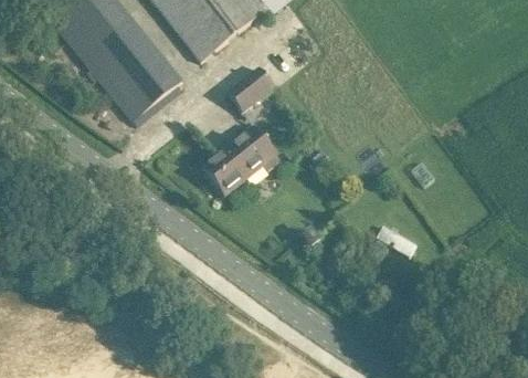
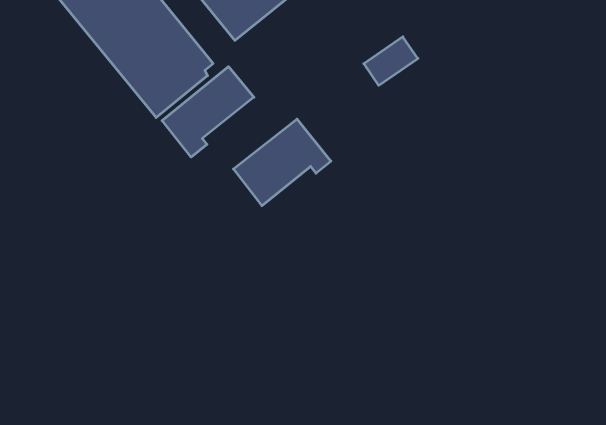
building: [230,69,274,108] -> [364,37,418,85]
building: none -> [162,67,254,157]

